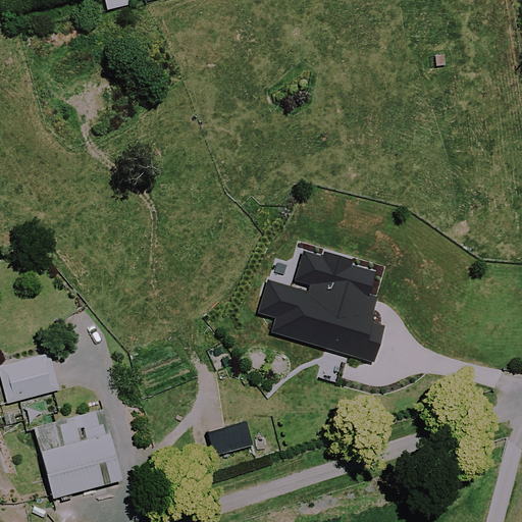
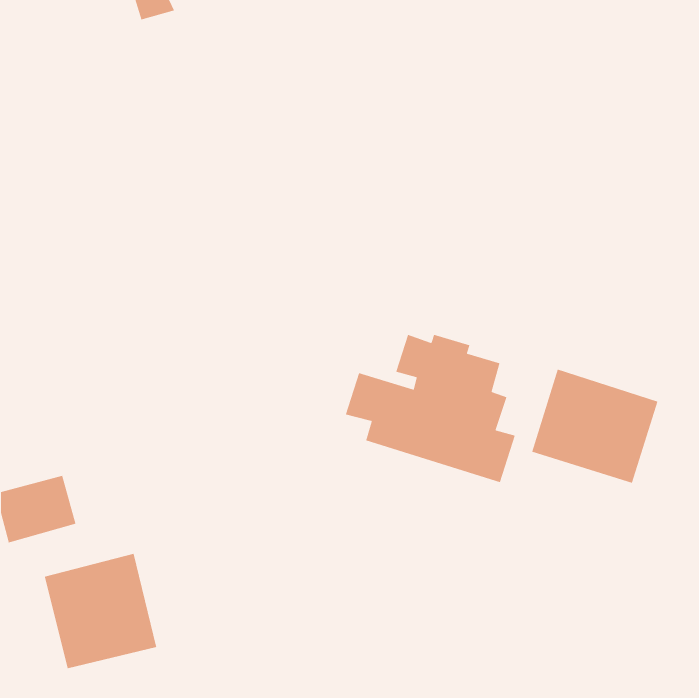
building: none -> [531,369,659,484]
building: [208,419,252,453] -> none

